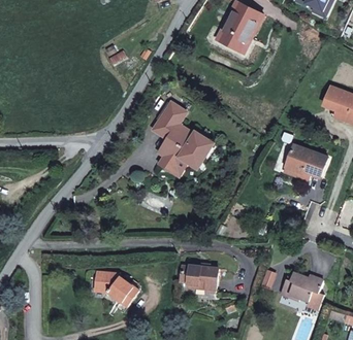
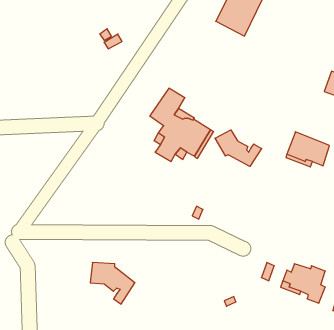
building: none -> [215,130,262,166]
building: [180,265,218,291] -> none

